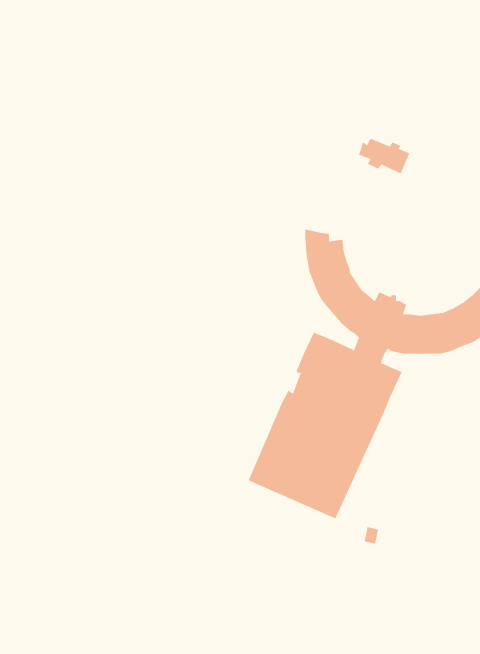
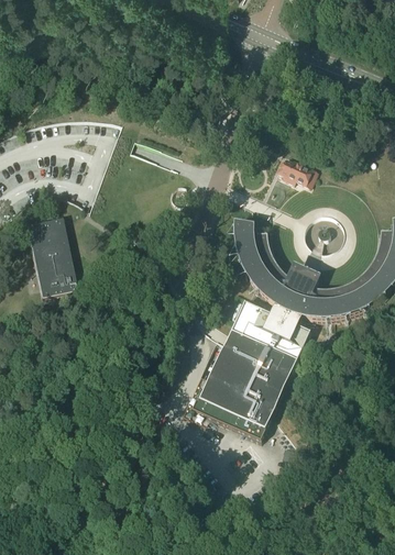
building: none -> [25,215,76,295]

